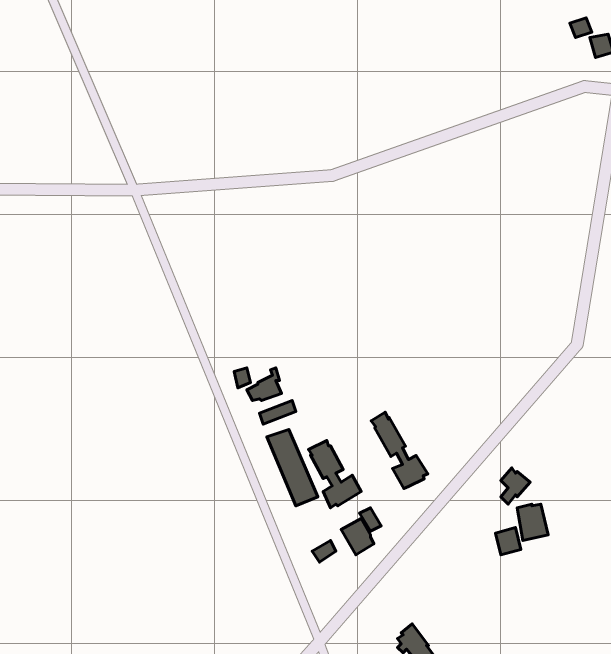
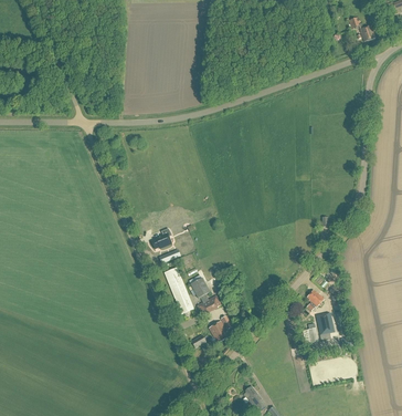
building: [371,412,428,488] -> none

